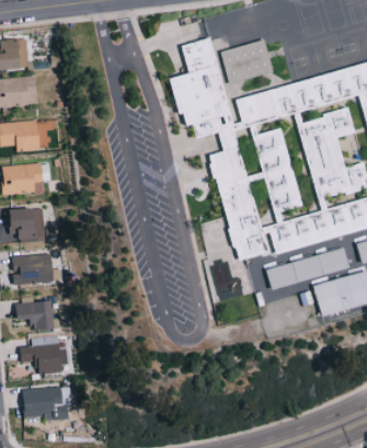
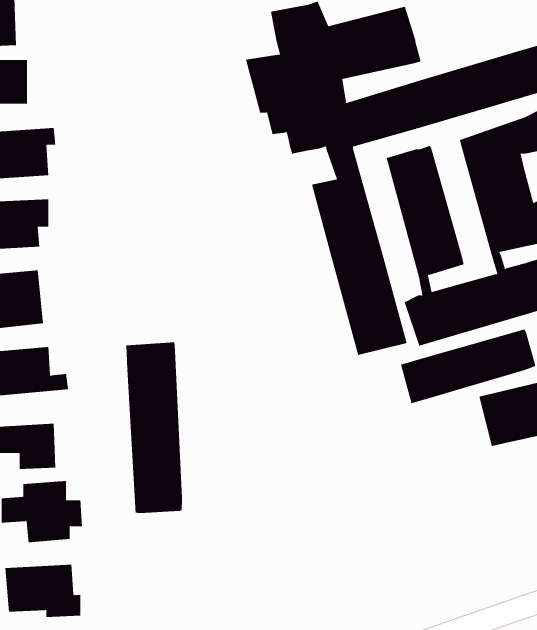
building: none -> [126,342,183,514]

